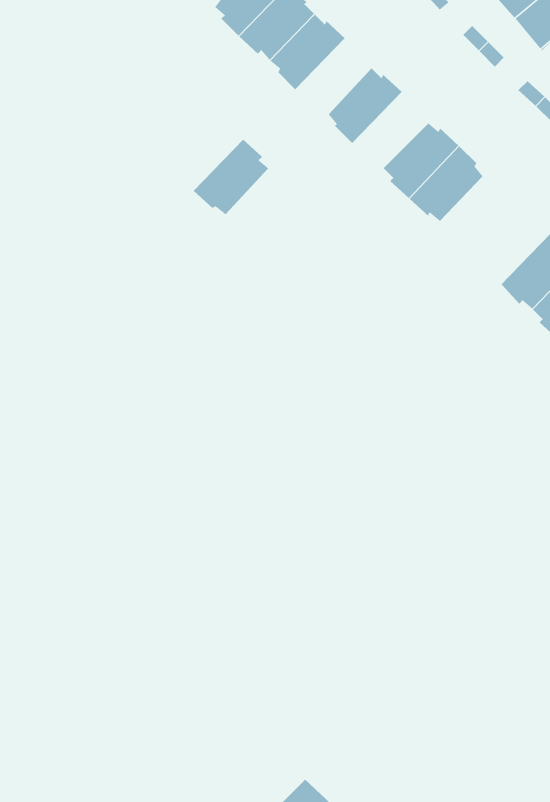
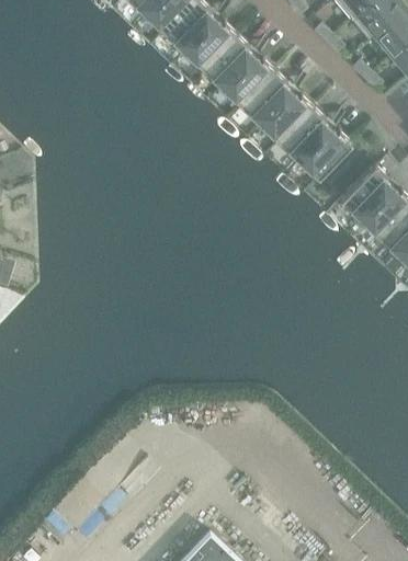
building: none -> [242,73,294,125]
building: [193,139,269,215] -> [204,37,256,89]
building: none -> [302,130,353,182]

